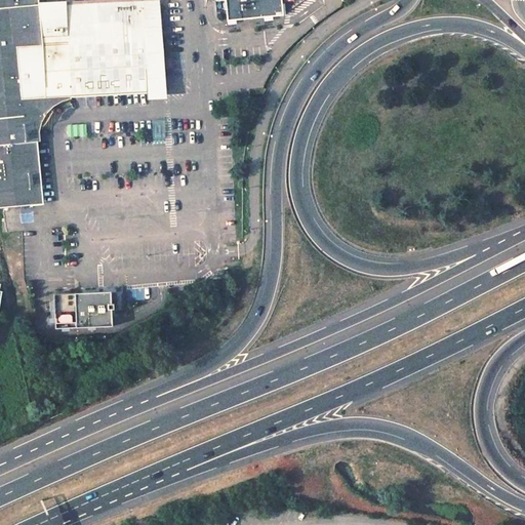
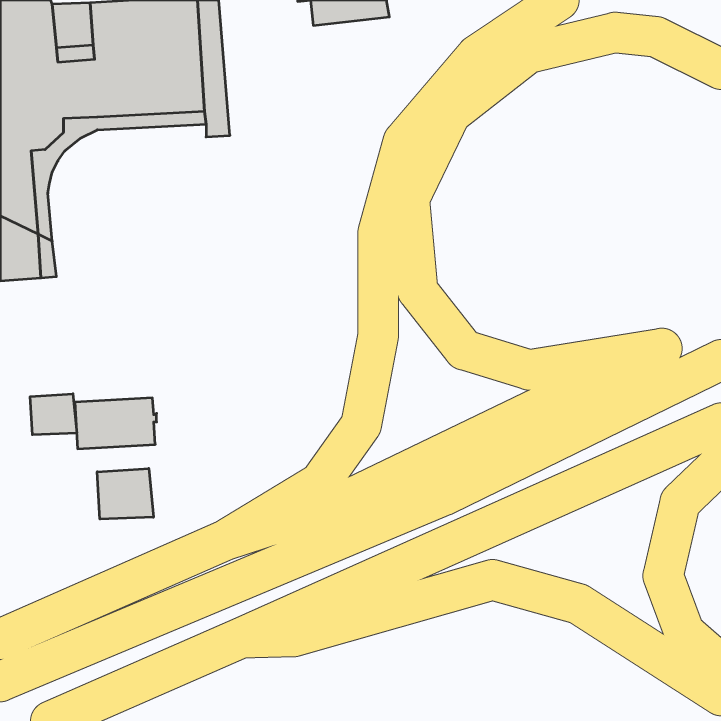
building: none -> [30,394,77,435]
building: none -> [97,468,153,519]

